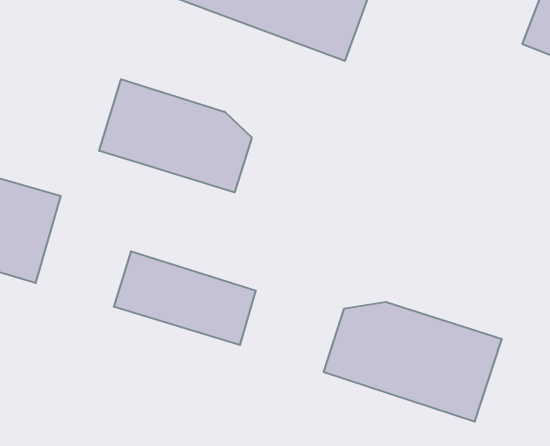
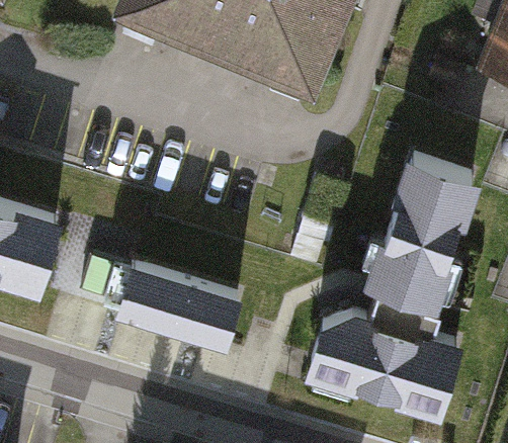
building: [99,79,252,192] -> none
building: none -> [365,150,481,302]

